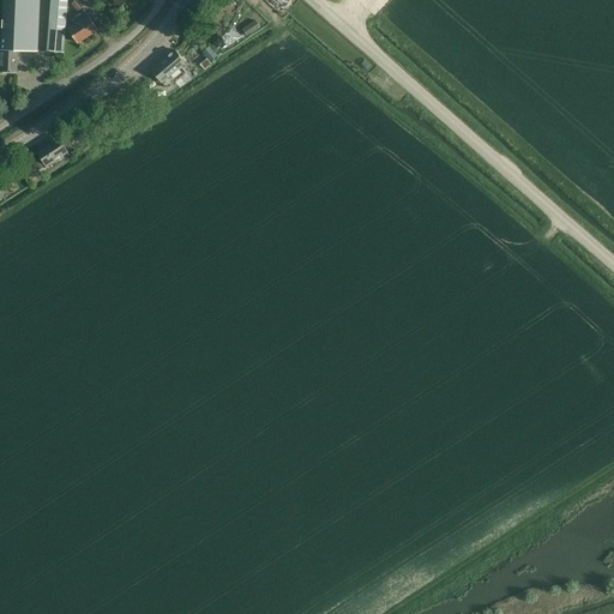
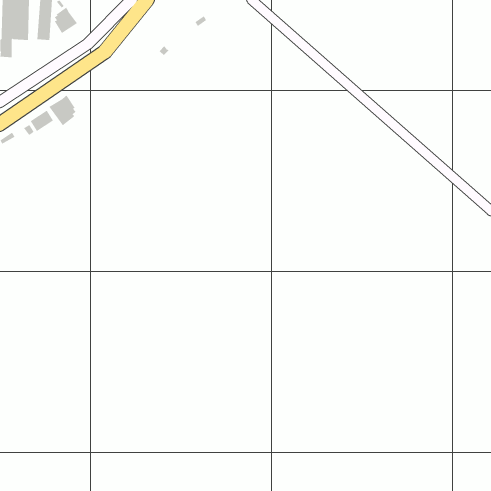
building: [150,49,185,88] -> none
building: none -> [49,95,76,126]

